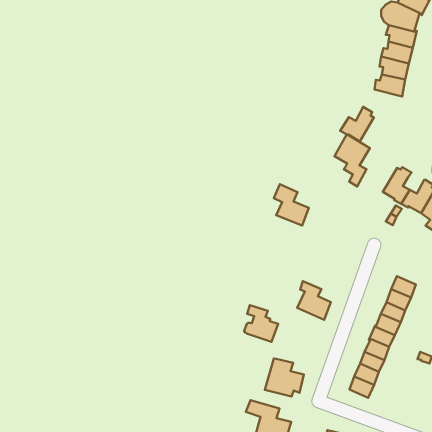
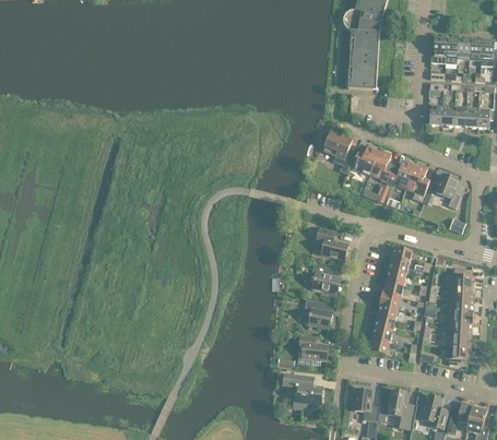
building: [340,107,374,142] -> [352,144,379,175]
building: [274,184,309,226] -> [317,227,348,260]
building: [244,305,278,342] -> [305,299,333,328]

